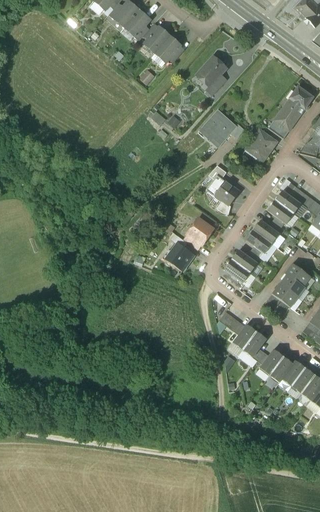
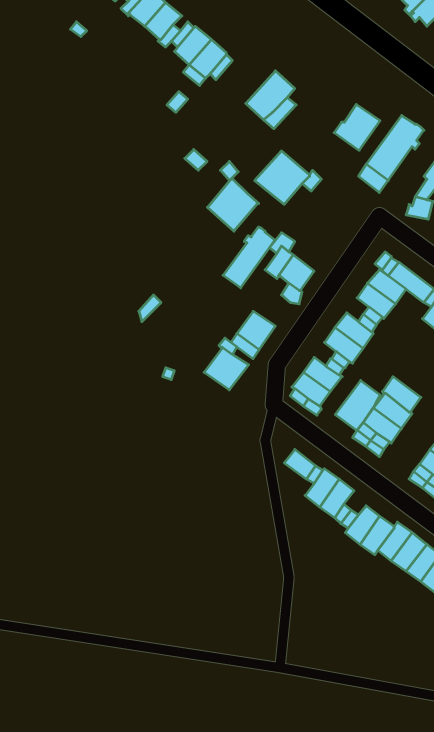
building: none -> [207,178,259,231]
building: [246,129,277,160] -> [334,104,380,150]
building: none -> [223,227,275,288]
building: none -> [335,380,380,430]

